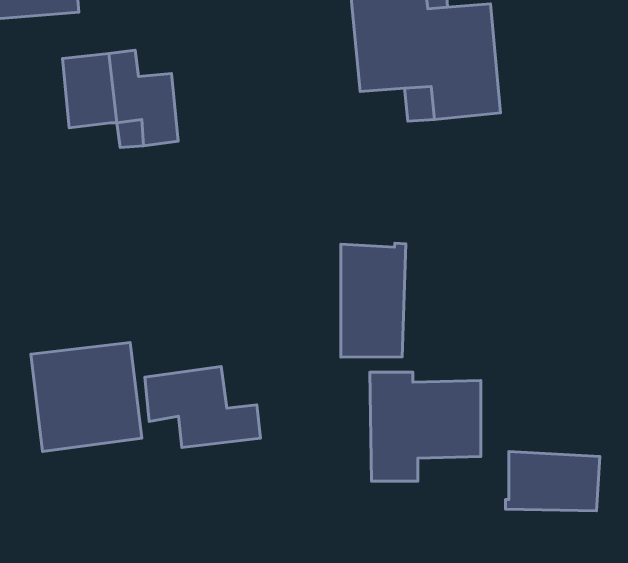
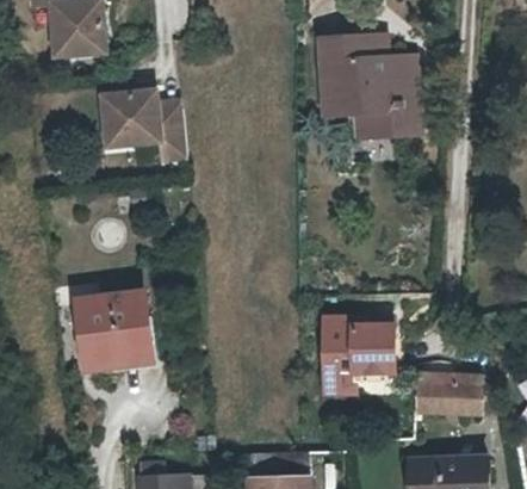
building: [341,243,406,357] -> none
building: [145,366,261,448] -> none

